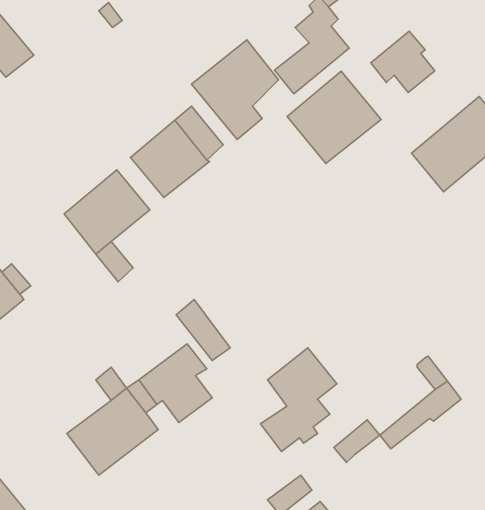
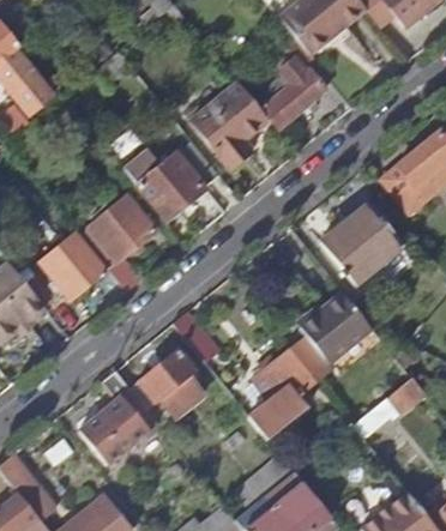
building: [371,31,435,92] -> none
building: [287,71,381,164] -> [320,204,402,284]
building: none -> [38,233,103,298]
building: none -> [290,294,370,381]

